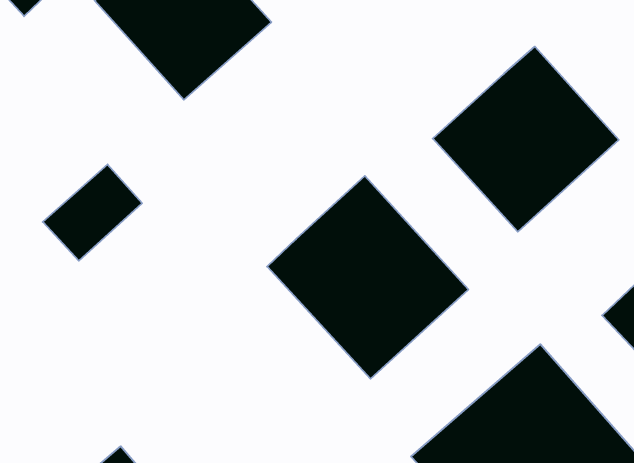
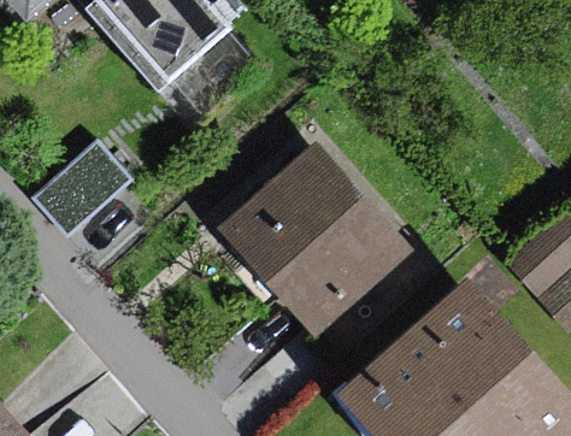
building: [433,47,619,232] -> none

